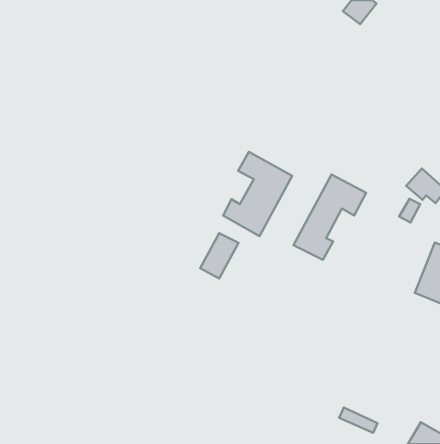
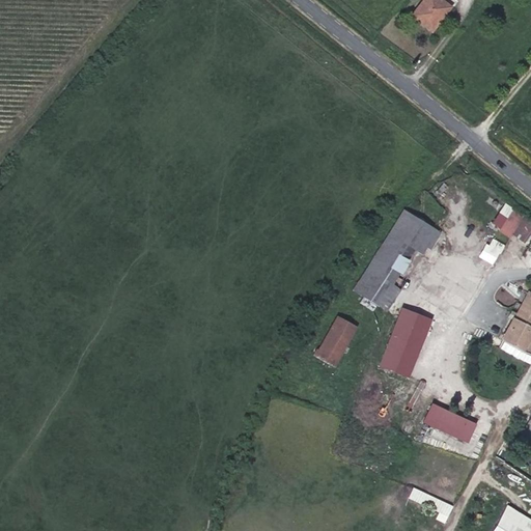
building: [223,152,292,236] -> none
building: [200,233,238,278] -> [314,314,360,368]
building: none -> [380,307,432,379]
building: none -> [423,402,478,443]

